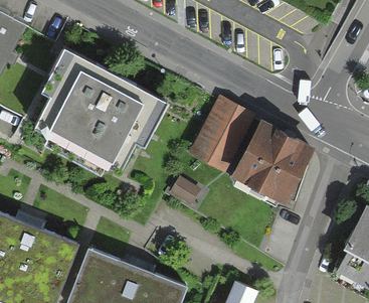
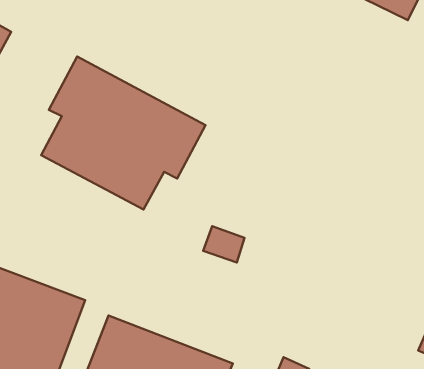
building: [190,98,250,167] -> none
building: [232,119,315,199] -> none

